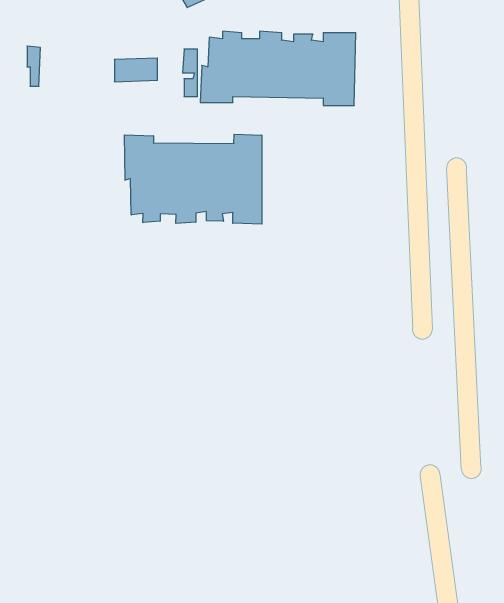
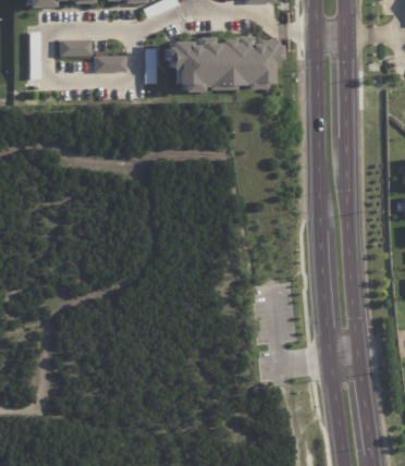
building: none -> [61,40,93,57]
building: [124,134,262,224] -> none

